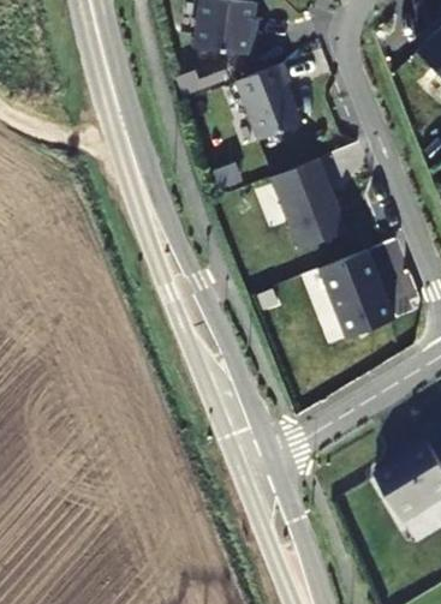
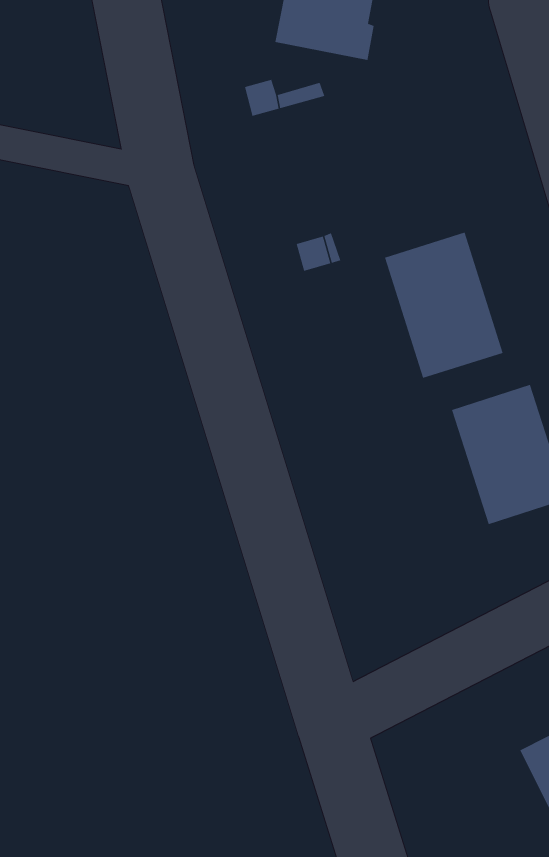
building: [234,62,300,139] -> none

